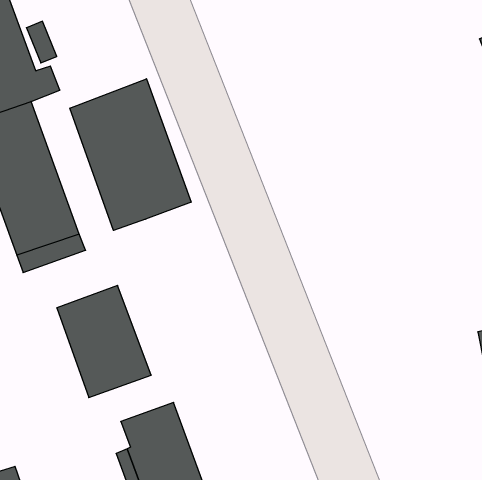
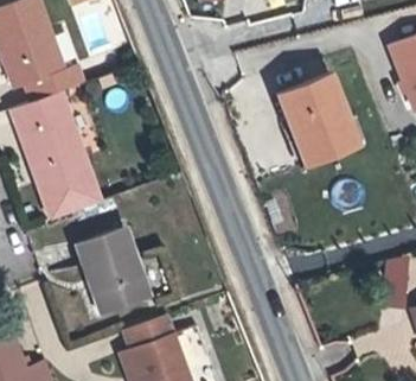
building: none -> [277,74,357,163]
building: [70,79,191,230] -> none

